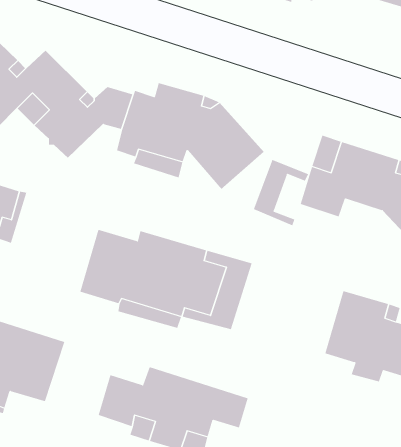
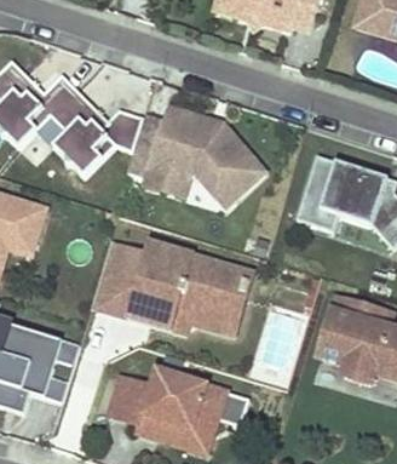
building: [253,159,309,226] -> none

